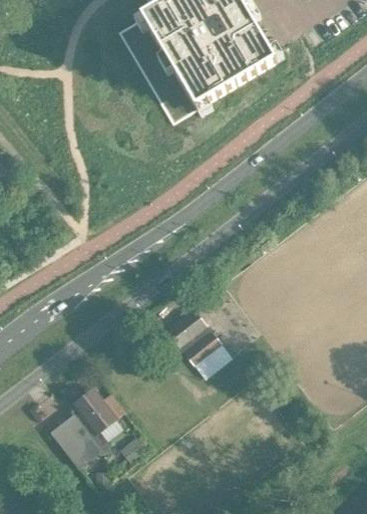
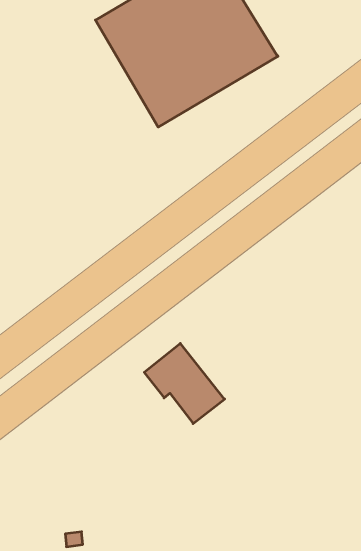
building: [50,386,122,465] -> none

